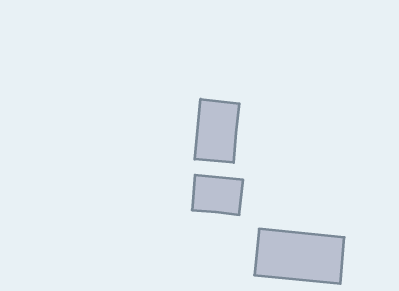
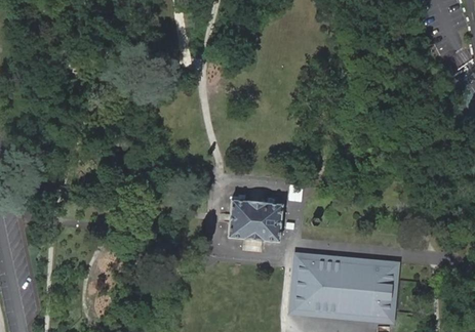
building: [195,99,239,163] -> none

